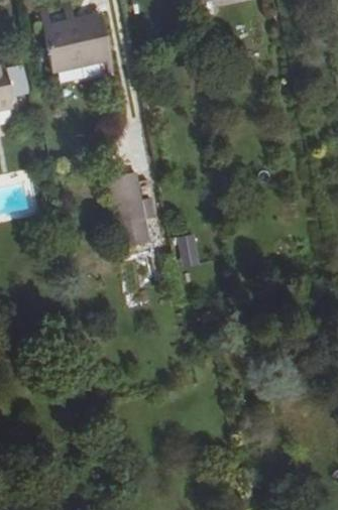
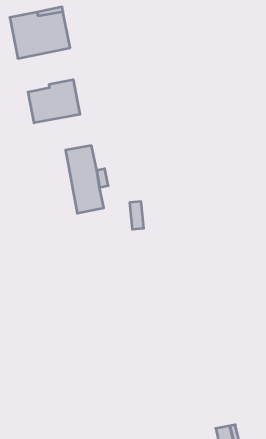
building: none -> [28,80,80,123]

